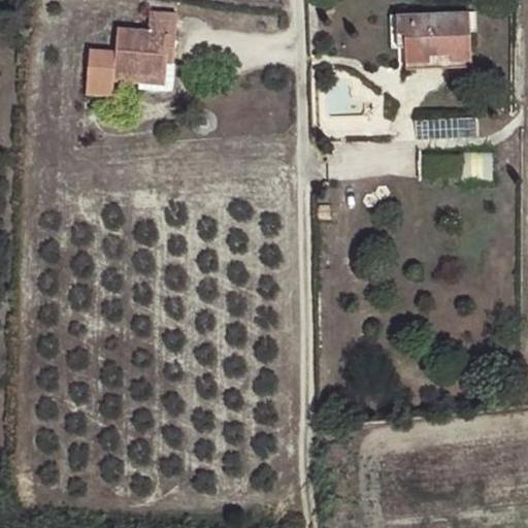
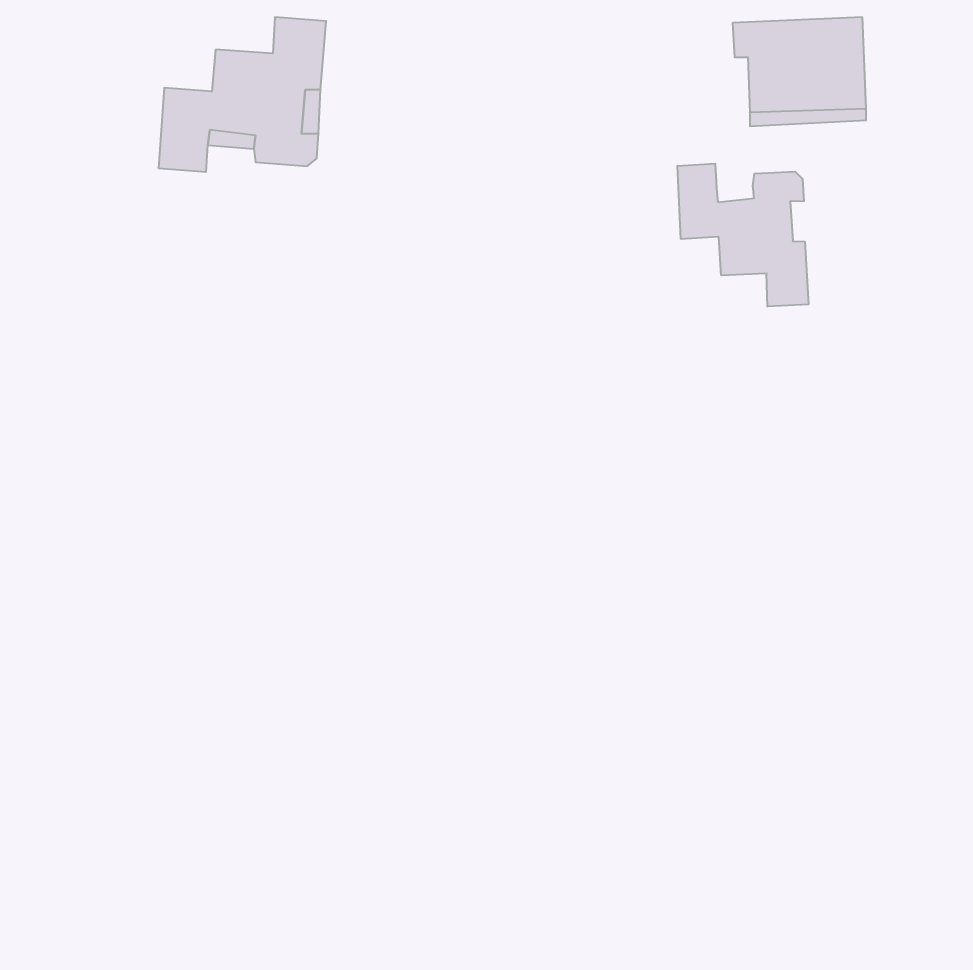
building: none -> [677,164,808,307]

